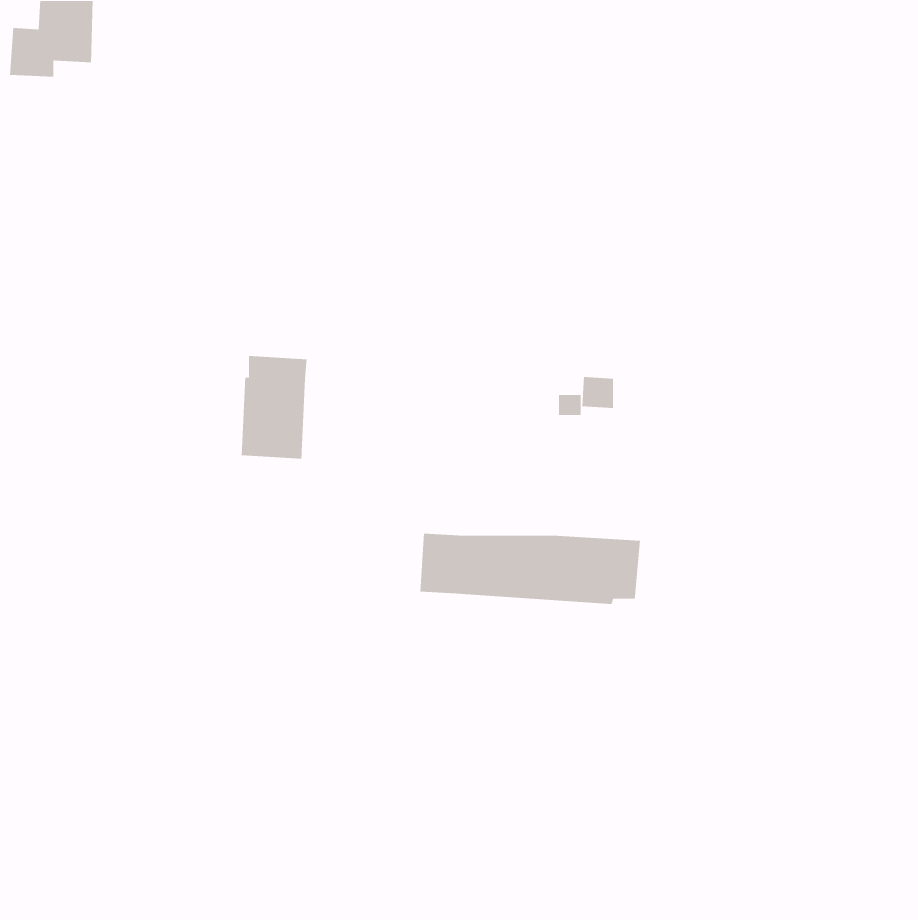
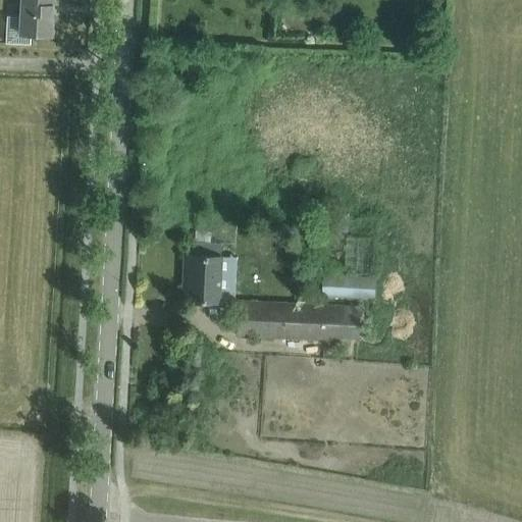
building: [241,355,308,460] -> [185,243,222,302]
building: none -> [323,274,377,299]

